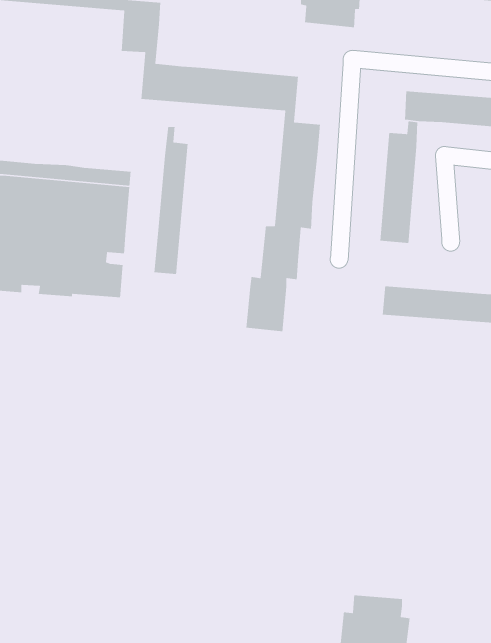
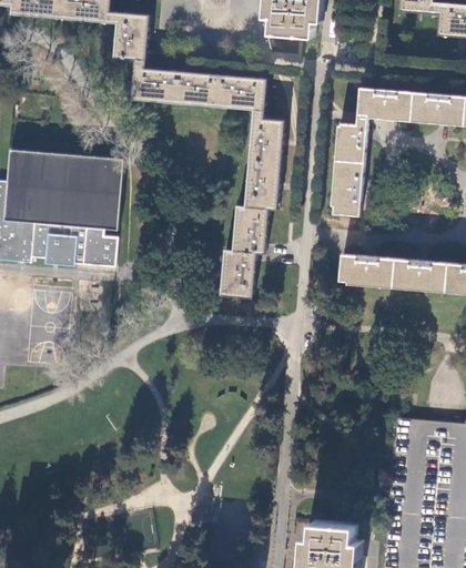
building: [154,126,188,275] -> none

